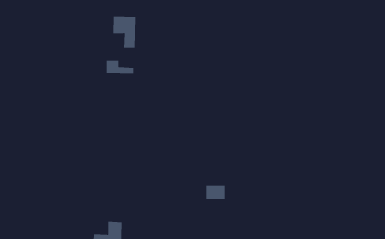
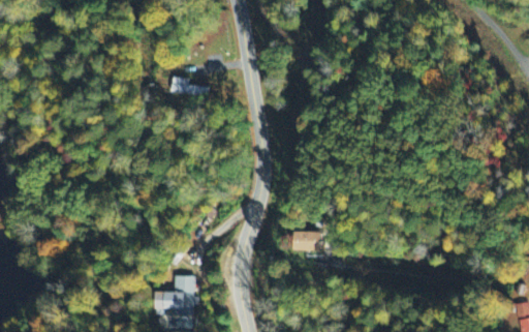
building: [112,16,136,49] -> none

